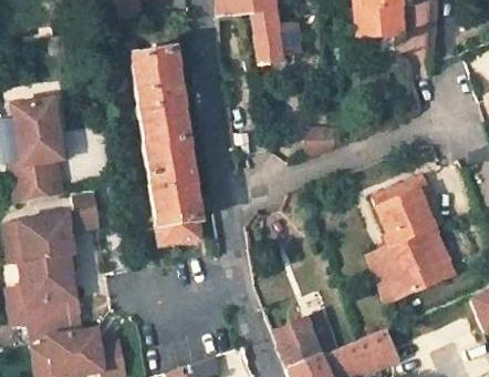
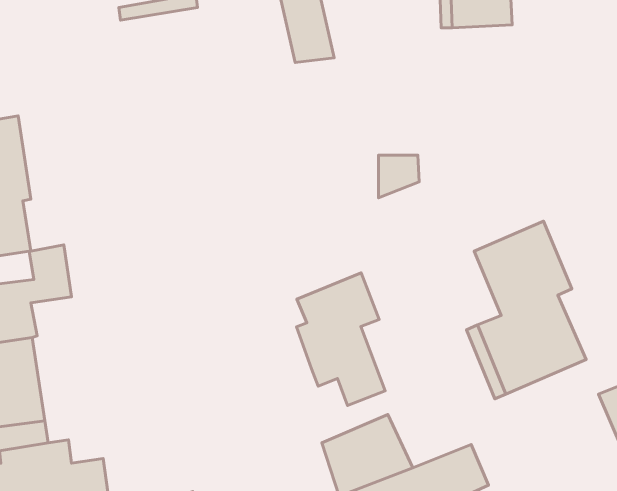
building: [125,40,202,255] -> none
building: none -> [296,273,385,405]

